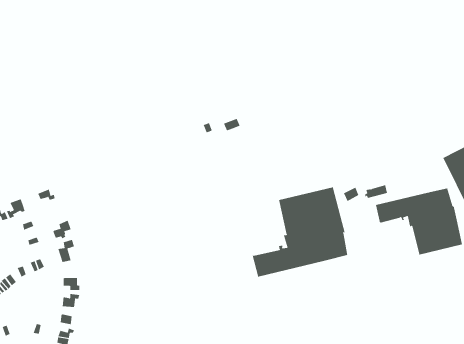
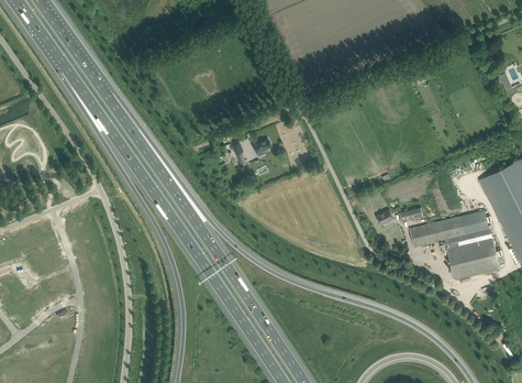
building: [252,187,348,277] -> none

